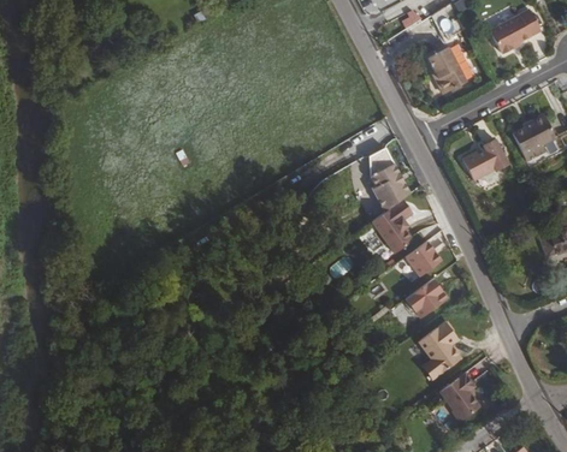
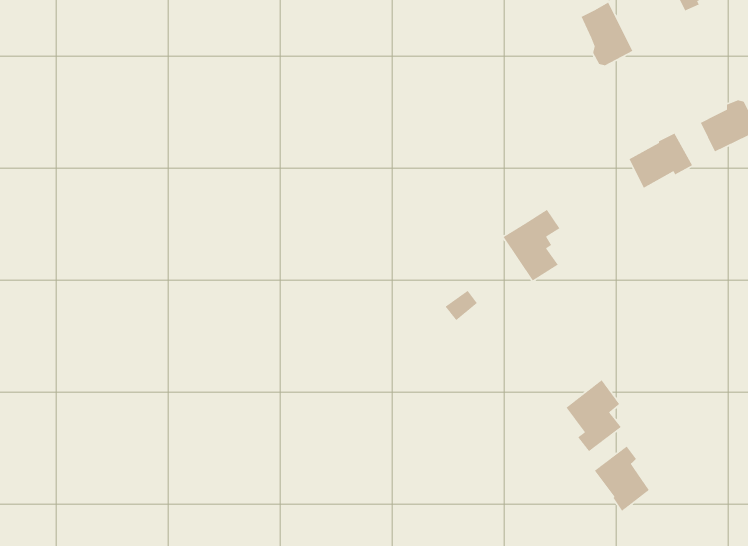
building: [370,148,412,207] -> none
building: [404,242,441,276] -> none
building: [406,278,448,319] -> none

